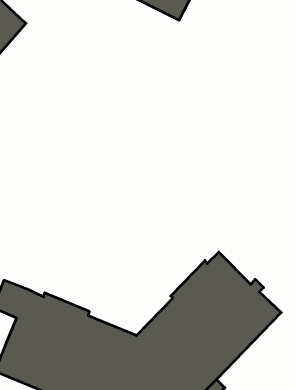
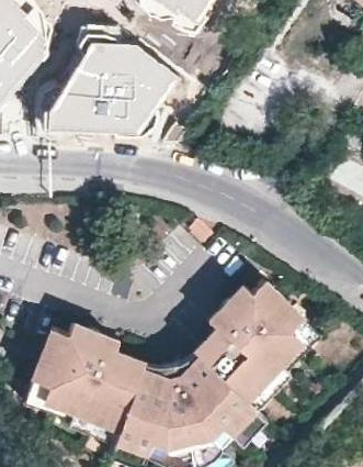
building: none -> [42,34,173,131]

